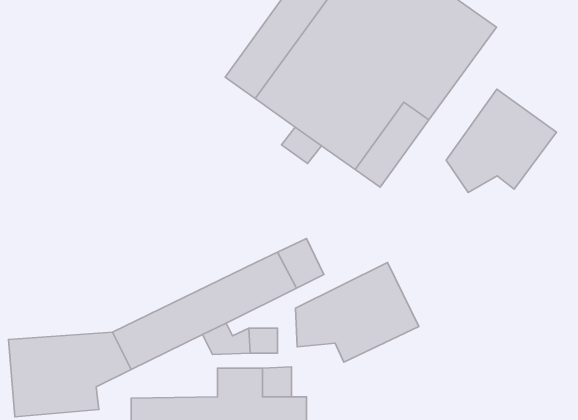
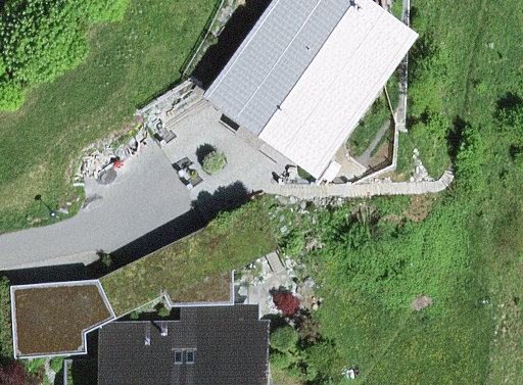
building: [446,89,556,193] -> none
building: [295,262,419,362] -> none

